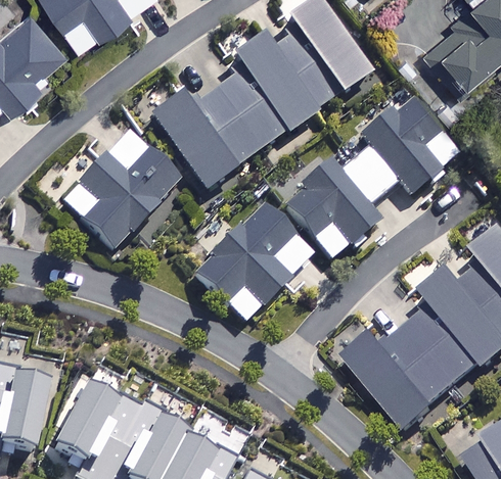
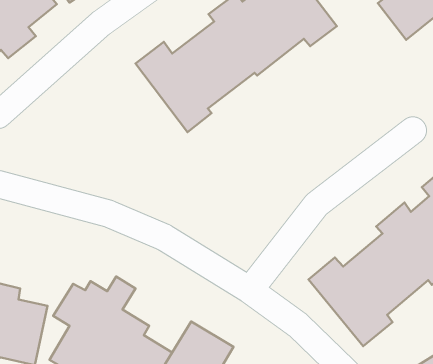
building: [286,98,461,259] -> none
building: [62,130,178,245] -> none
building: [198,205,315,323] -> none

